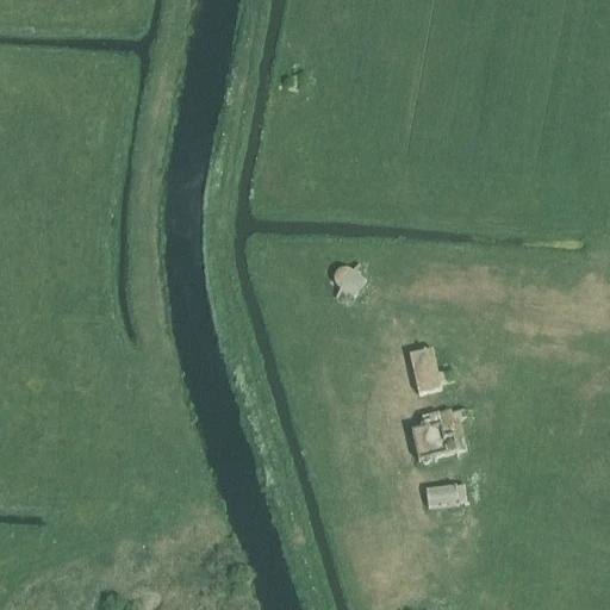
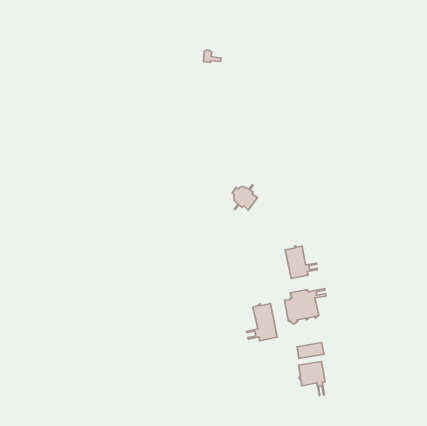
building: none -> [247,304,277,341]
building: none -> [298,361,325,396]

